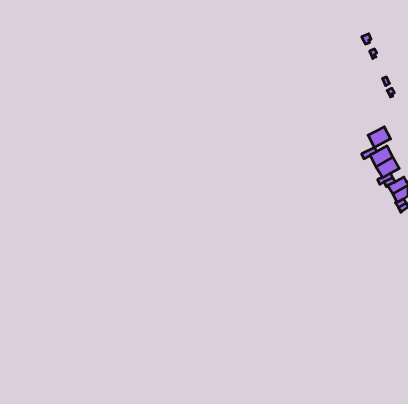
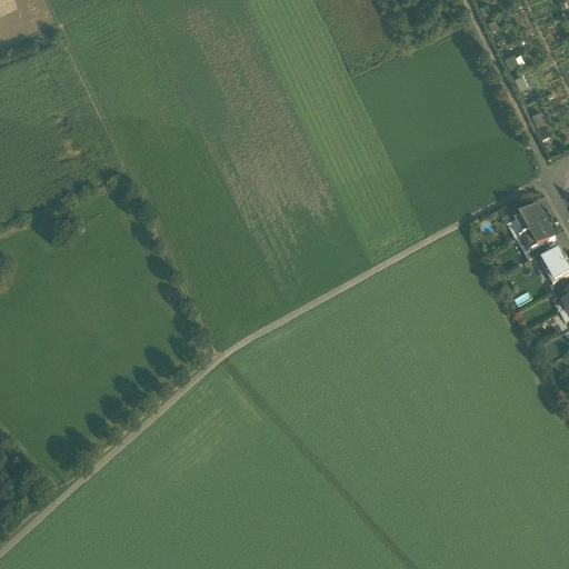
building: [368,127,391,147] -> none

